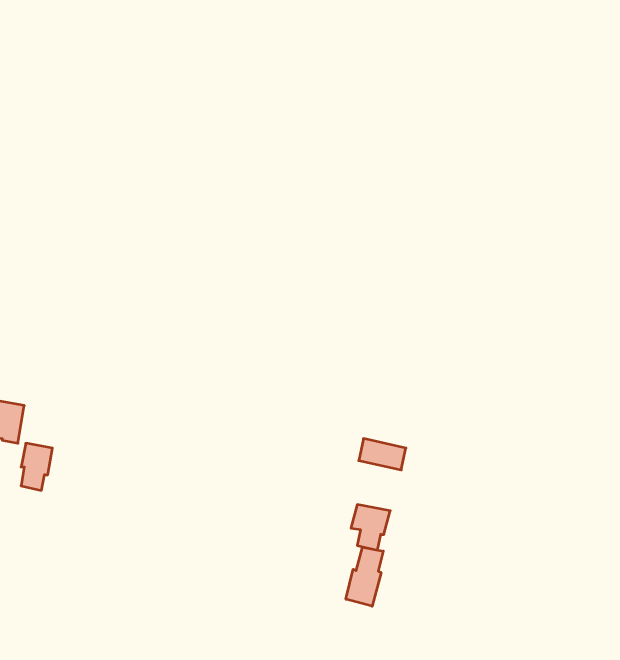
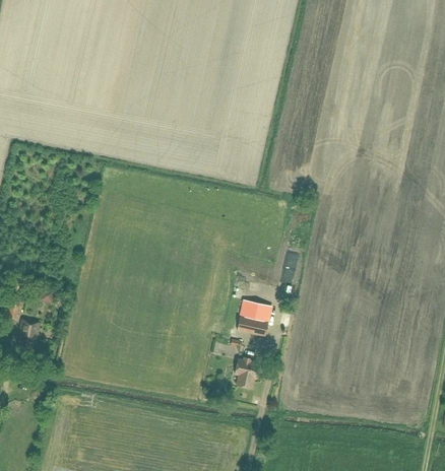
building: none -> [240,300,272,323]
building: [346,547,383,606] -> none

